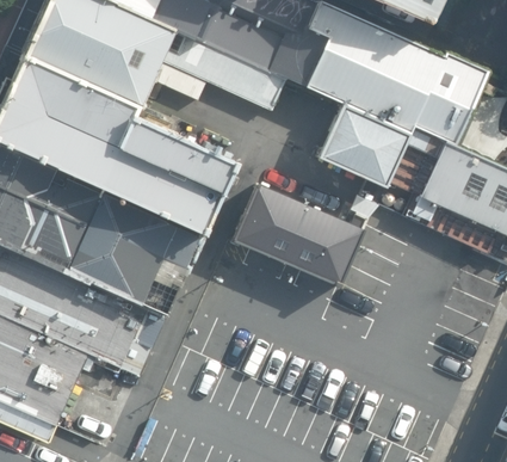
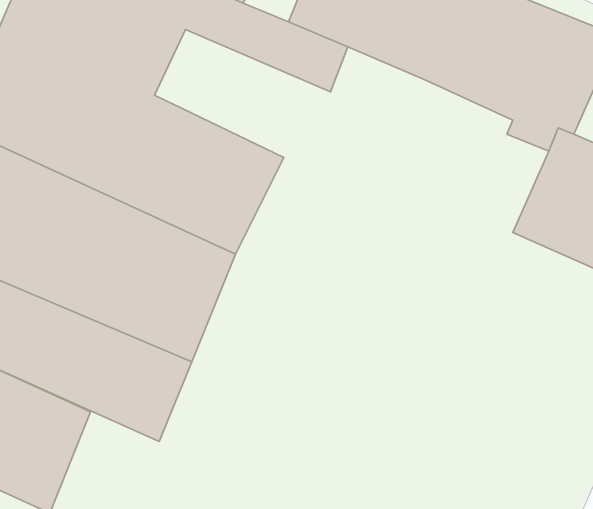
building: [316,101,408,186] -> none
building: [233,181,364,285] -> none

